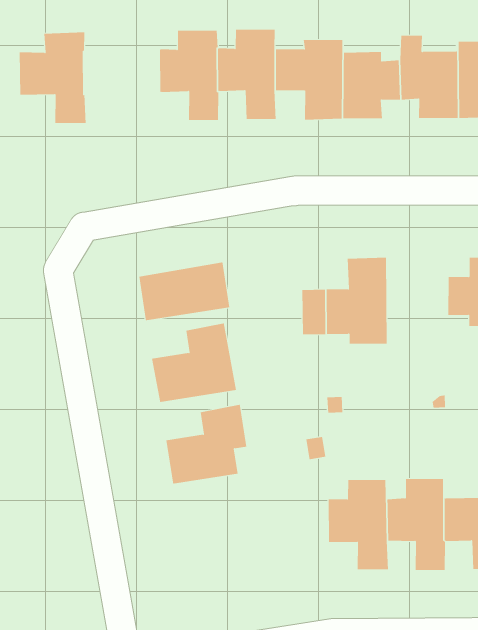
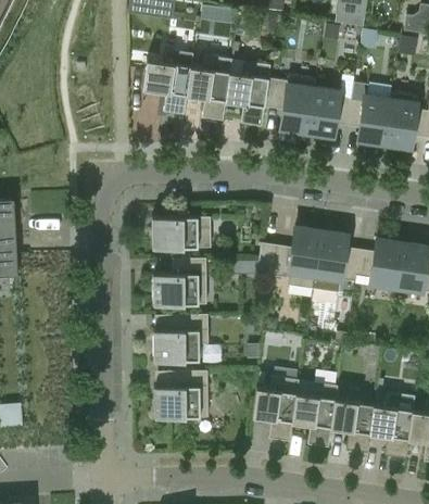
building: [19,32,87,124] -> [142,51,193,116]
building: none -> [313,231,361,294]
building: none -> [154,371,207,418]

